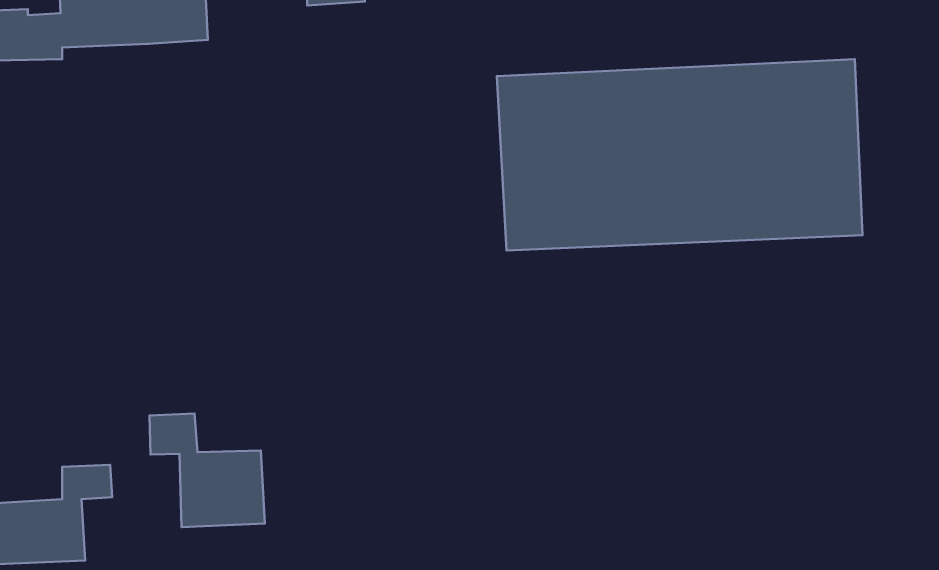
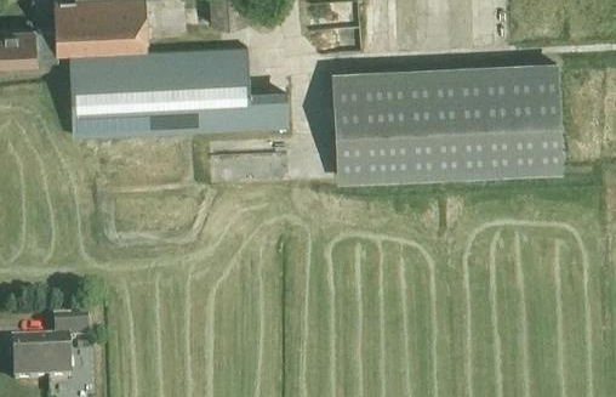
building: none -> [69,52,287,138]
building: [149,413,265,527] -> none

